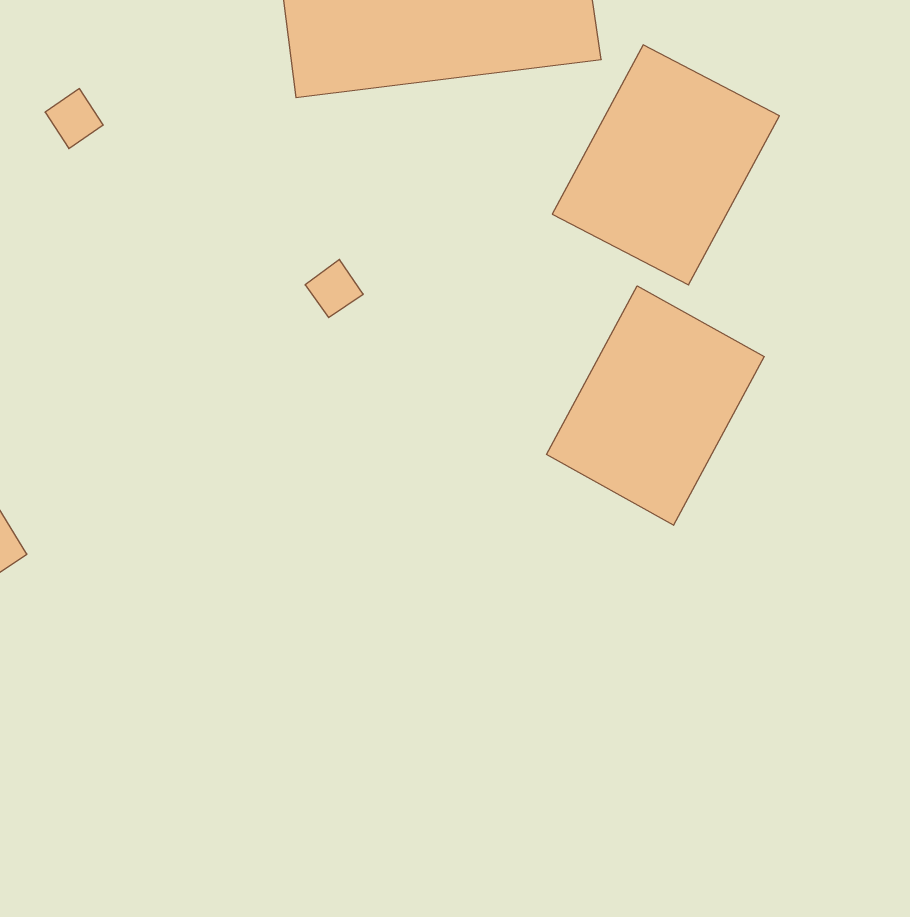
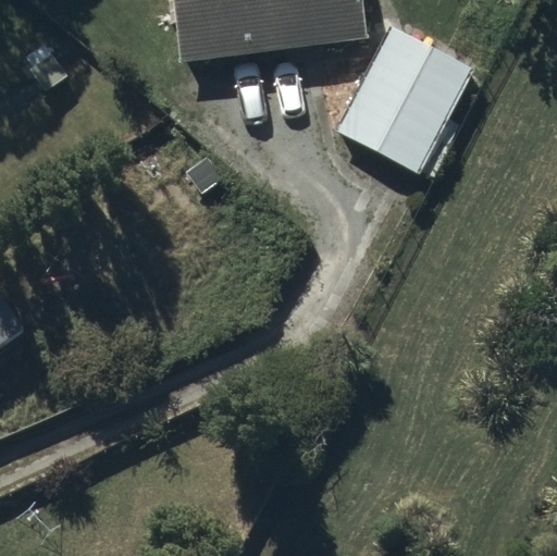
building: [547,286,764,525] -> none

